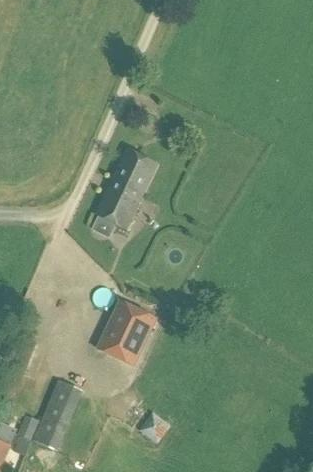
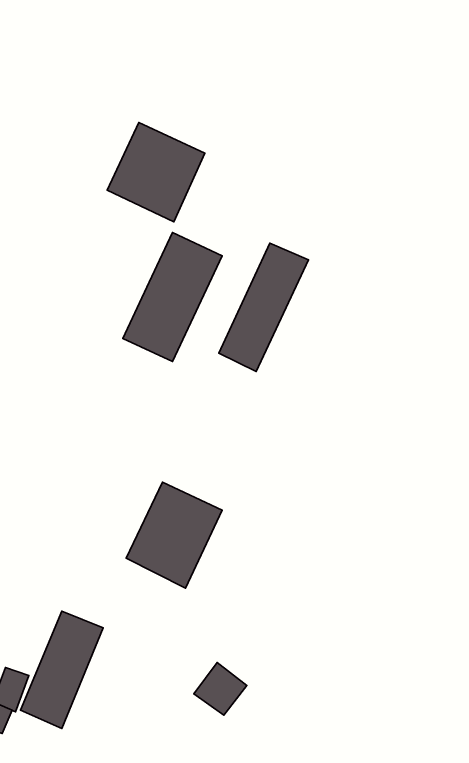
building: none -> [107,123,205,222]
building: none -> [219,243,309,371]

